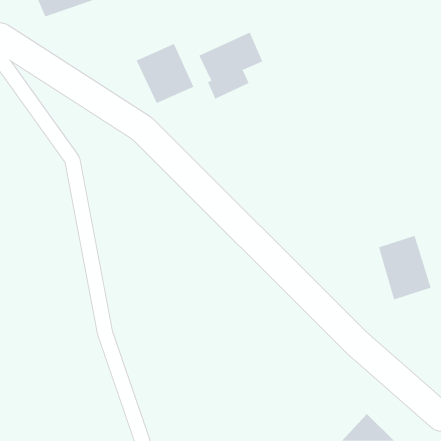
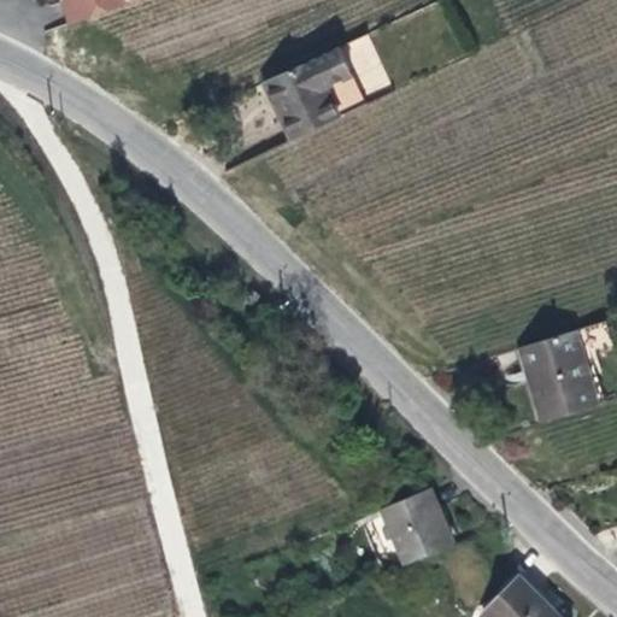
building: [136,43,194,104] -> none
building: none -> [376,487,453,566]

